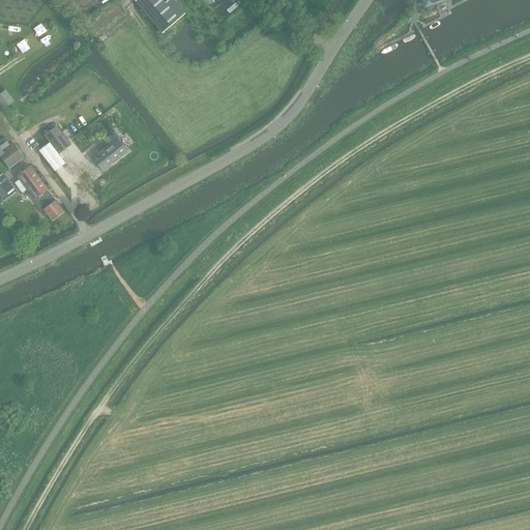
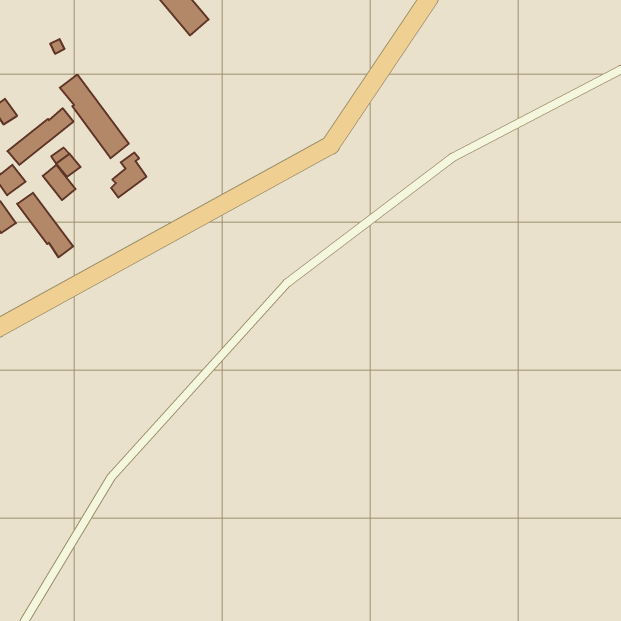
building: none -> [60,75,129,158]
building: none -> [7,108,73,165]

